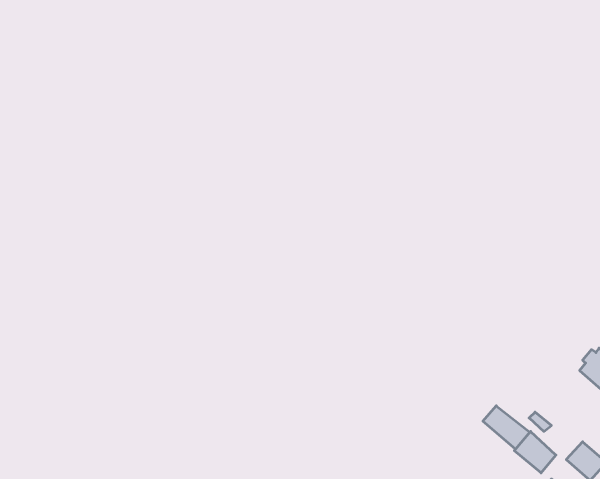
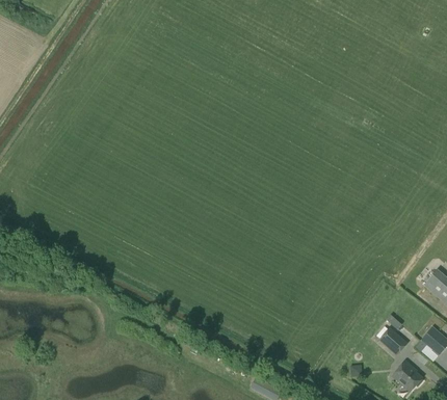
building: [483,406,530,449] -> none

